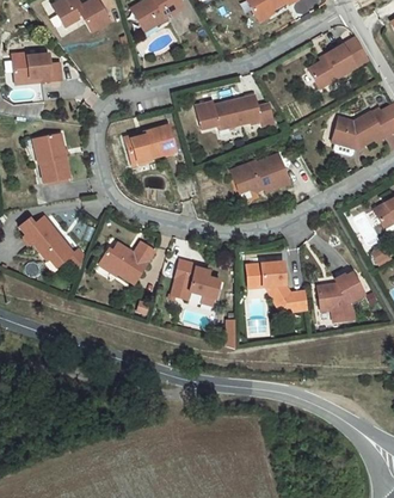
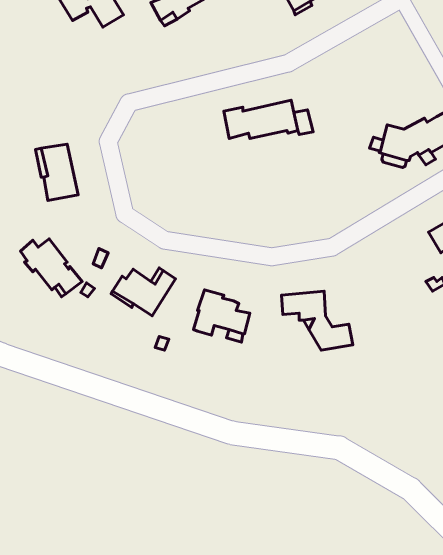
building: [309,37,369,87] -> none
building: [13,53,62,81] -> none
building: [127,125,177,164] -> none
building: [232,154,290,192] -> none
building: [319,272,365,320] -> none

